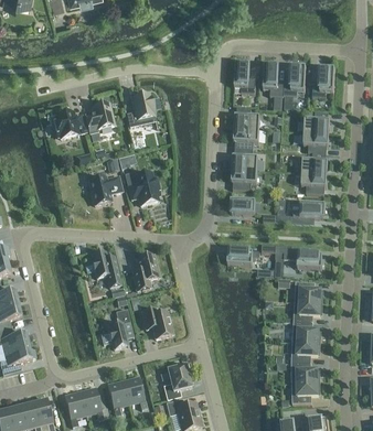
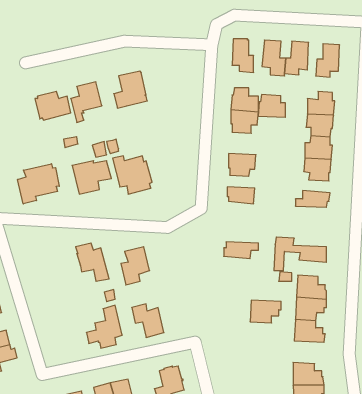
building: [232,149,257,170] -> [258,95,285,117]
building: none -> [18,164,59,204]
building: [291,342,320,363] -> [250,300,281,323]

